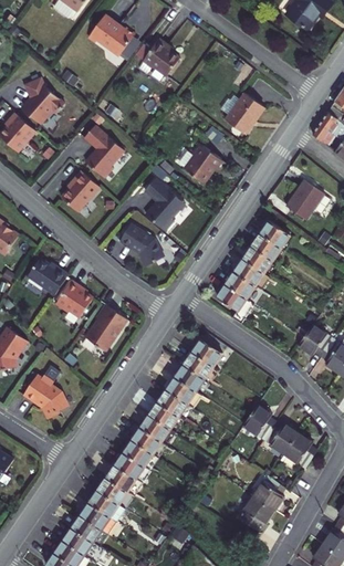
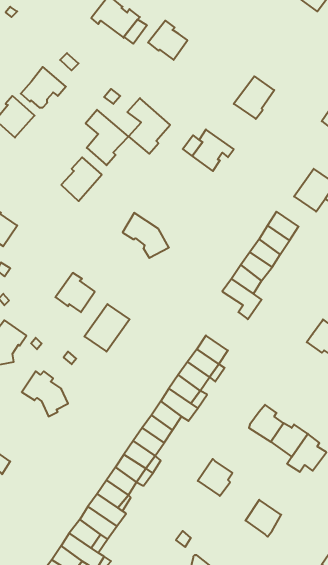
building: [145,177,186,230] -> [127,98,170,154]
building: [28,258,70,295] -> none
building: [251,475,284,511] -> [198,459,232,496]

